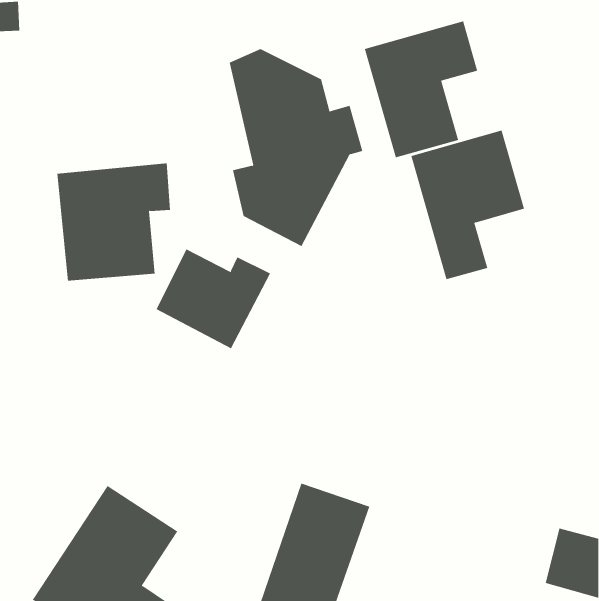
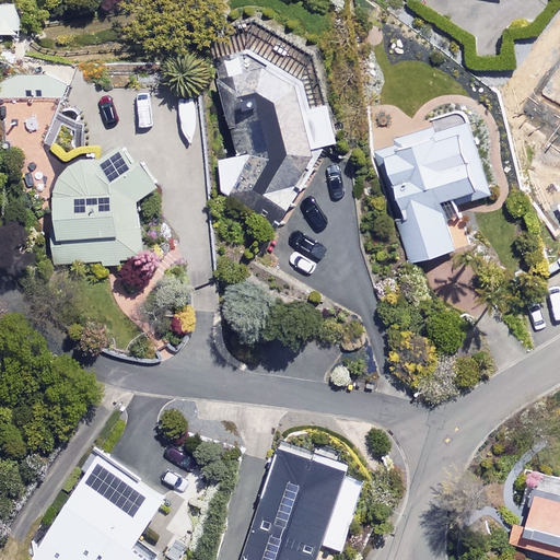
building: [364,20,478,158] -> none
building: [156,248,271,349] -> none

